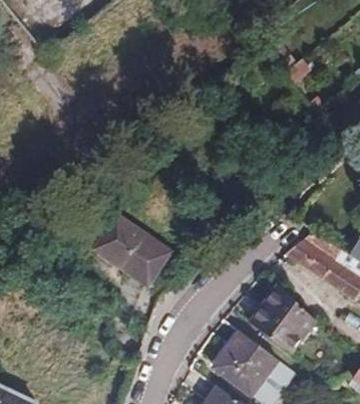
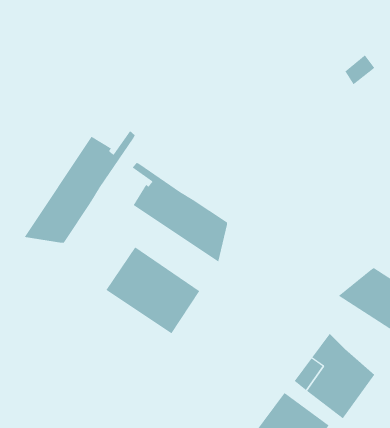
building: none -> [24,130,135,243]
building: none -> [132,162,228,262]

